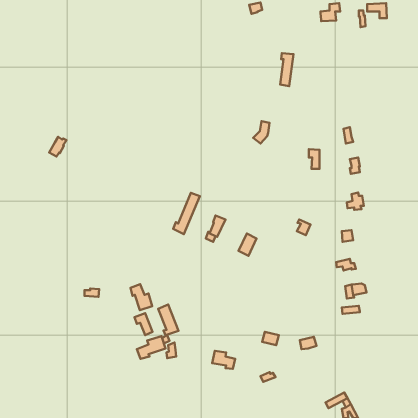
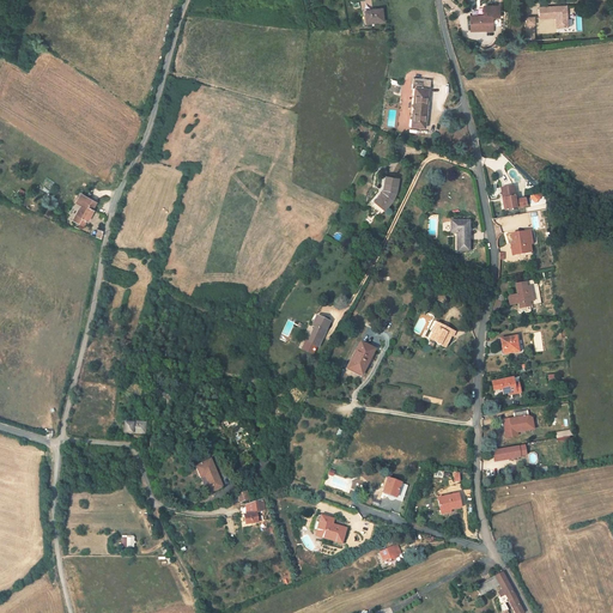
building: [173,193,200,234] -> none
building: [130,284,152,310] -> none
building: [158,304,179,335] -> none
building: [137,336,165,359] -> none

